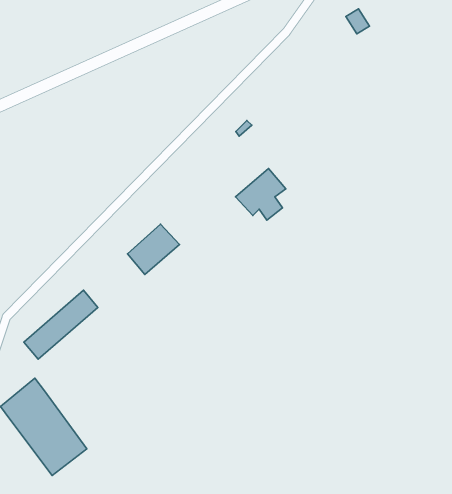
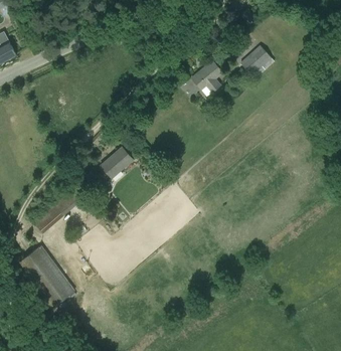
building: none -> [240,44,272,74]
building: [235,168,286,220] -> [191,59,223,93]

